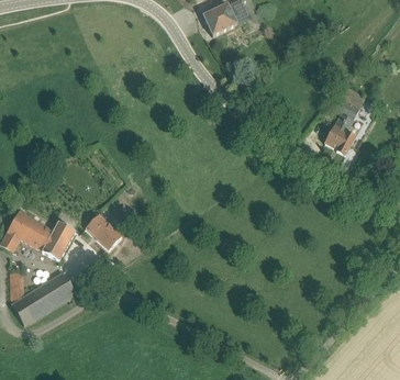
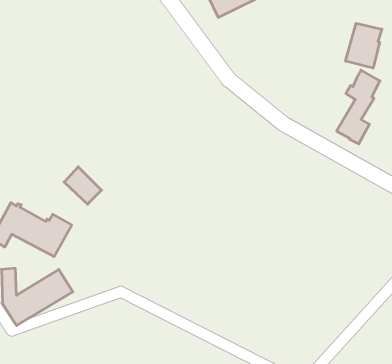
building: none -> [346,23,382,68]
building: [87,213,122,248] -> [64,167,102,204]

